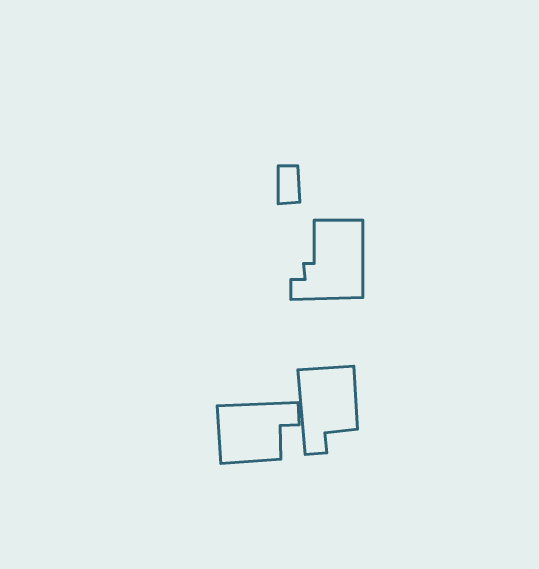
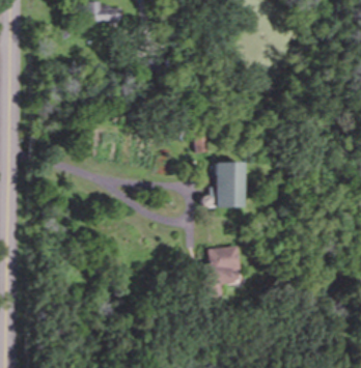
building: [217,403,299,463] -> none

